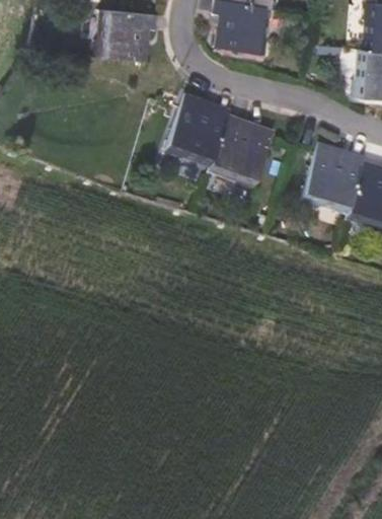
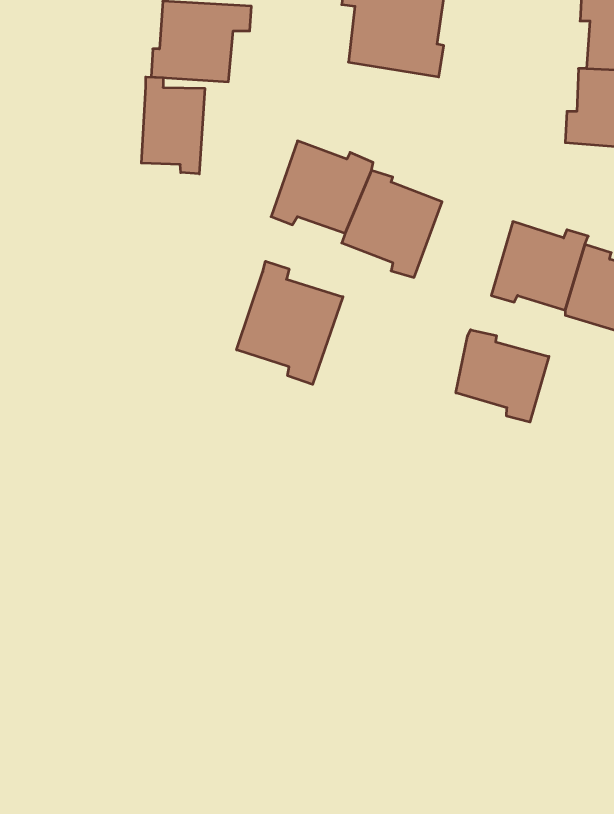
building: none -> [141,77,205,174]
building: none -> [237,261,343,384]
building: none -> [456,330,549,422]

